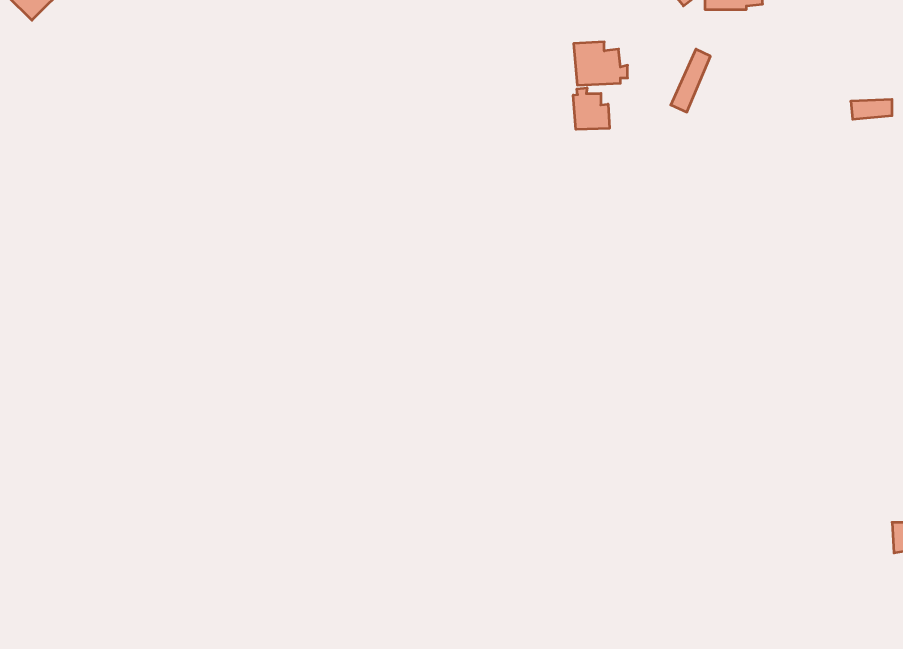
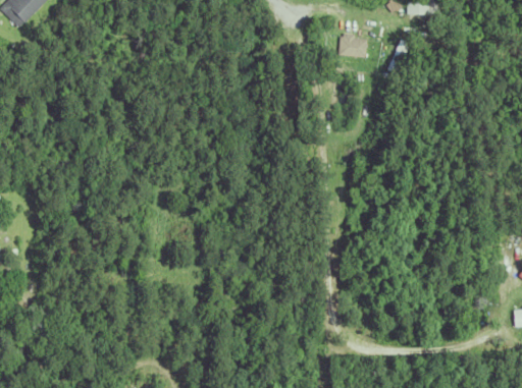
building: [573,88,609,129] -> none

